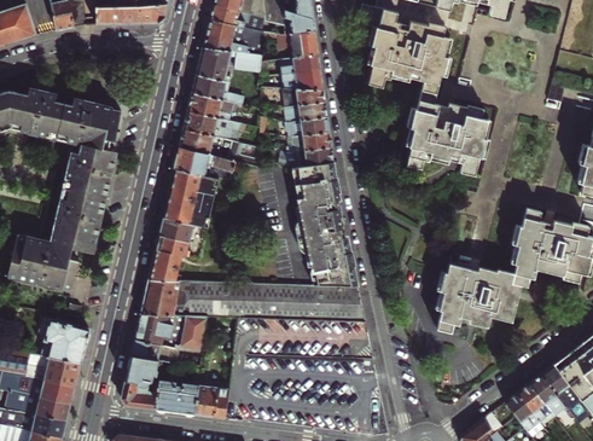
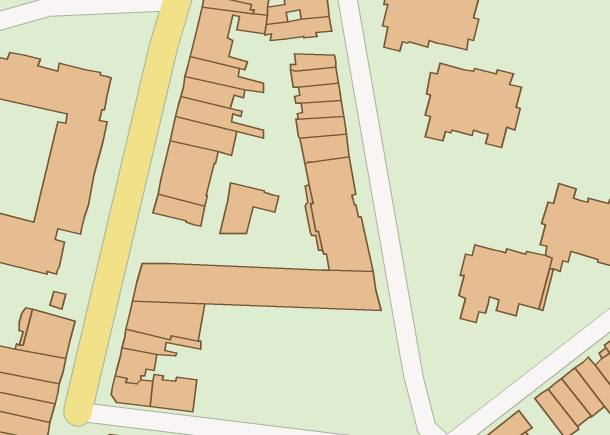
building: [278,69,322,91] -> none
building: [149,233,202,279] -> [220,183,279,234]
building: [194,384,228,417] -> none

